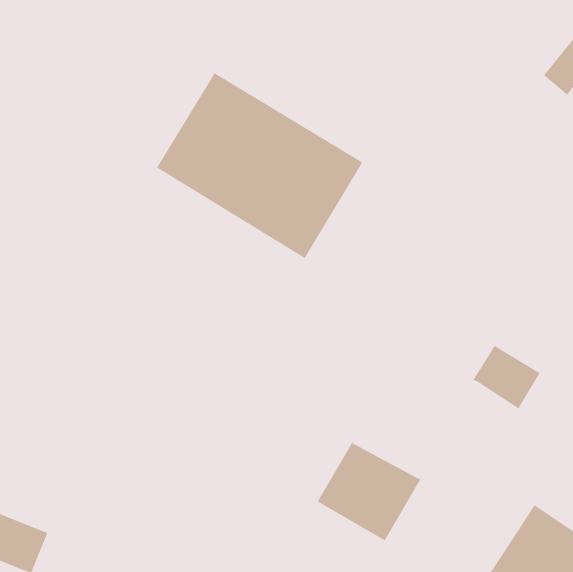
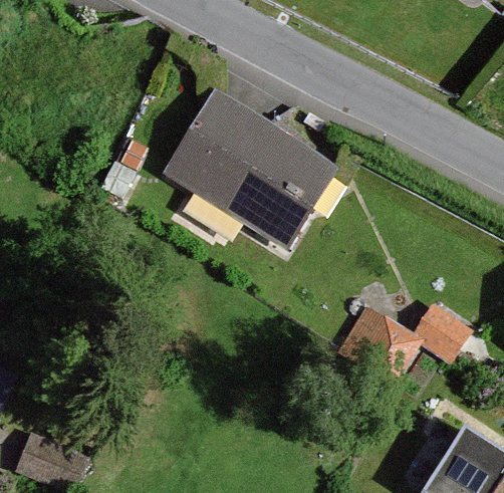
building: [317,442,421,541] -> [338,306,420,384]

